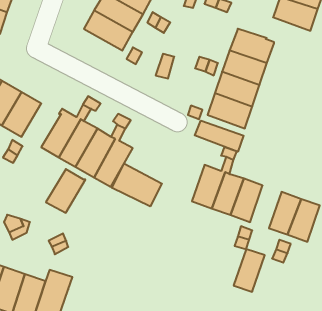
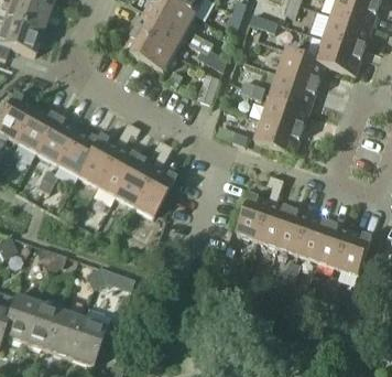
building: none -> [316,37,363,75]
building: [195,121,244,152] -> none
building: [112,163,162,206] -> none
building: [46,169,85,213] -> [57,129,99,175]
building: [234,249,265,292] -> [300,216,333,261]

